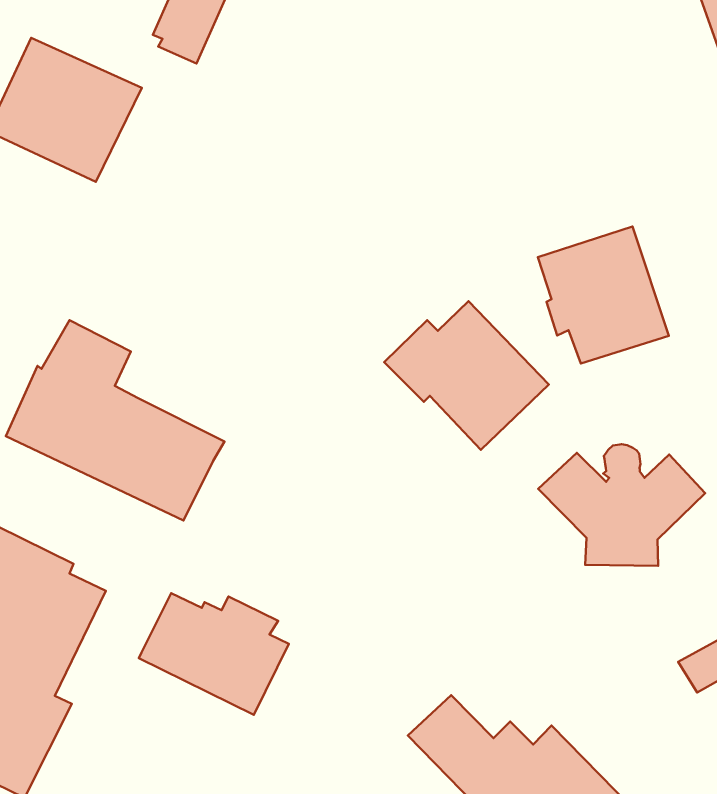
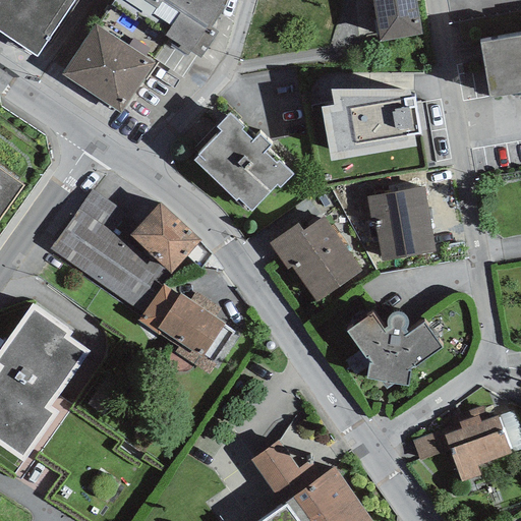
building: none -> [323,88,421,161]
building: none -> [194,112,293,211]
building: none -> [125,201,201,274]
building: [139,593,289,715] -> [138,284,226,361]

